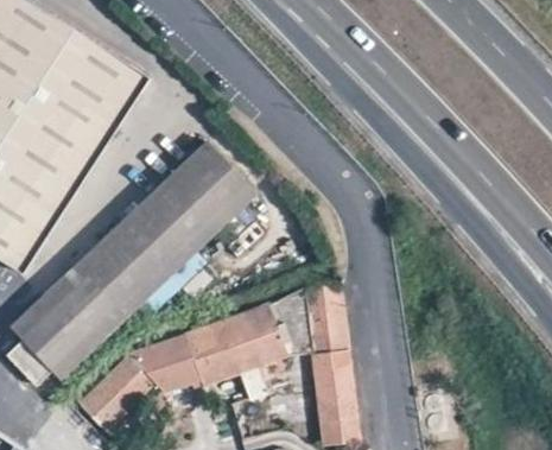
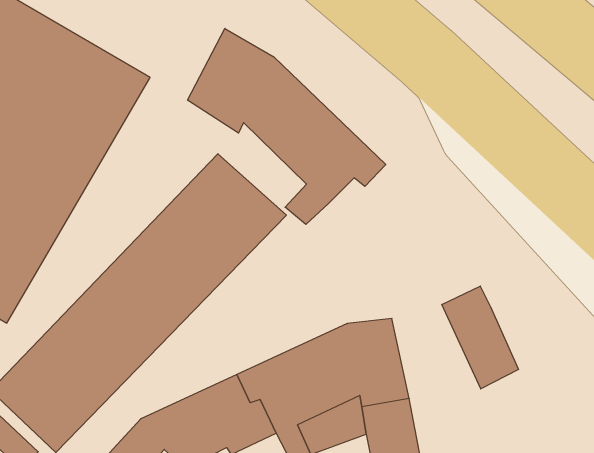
building: none -> [188,28,386,224]
building: none -> [442,286,518,389]

